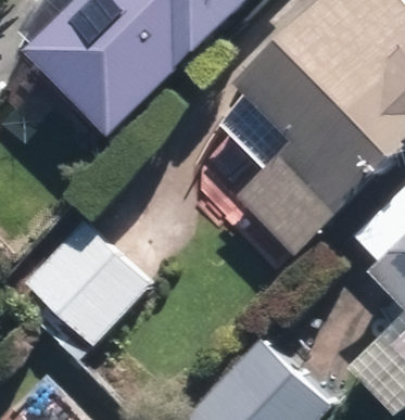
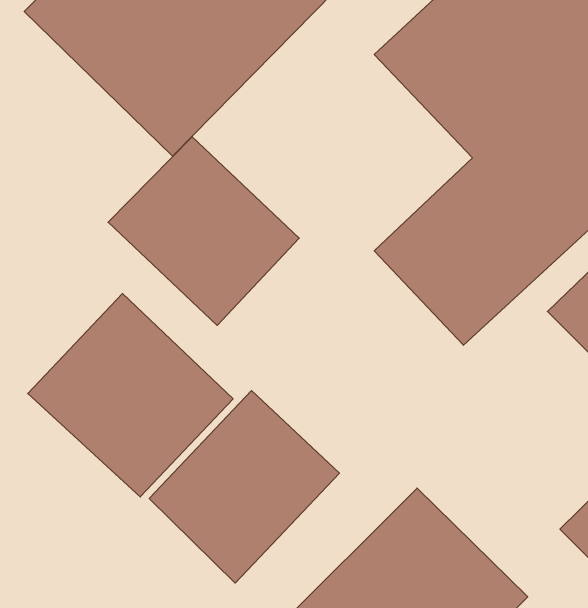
building: none -> [108,137,299,325]
building: none -> [149,391,339,583]

